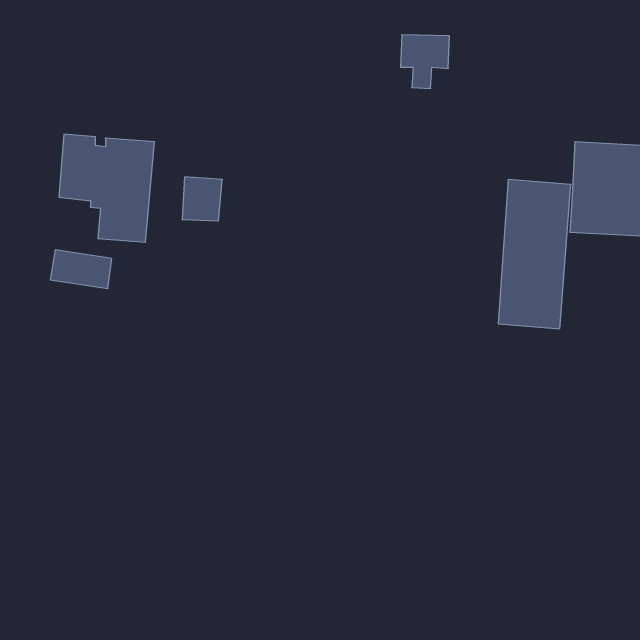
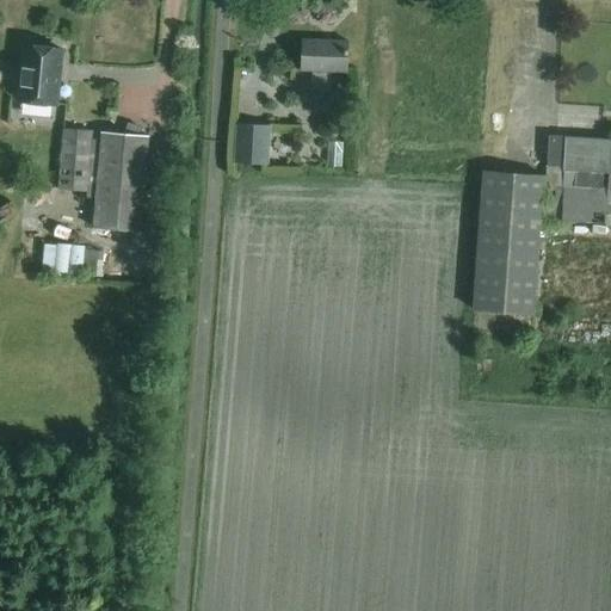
building: [401,35,449,89] -> [302,39,348,91]
building: none -> [19,45,62,104]
building: [182,177,222,221] -> [234,123,272,165]

